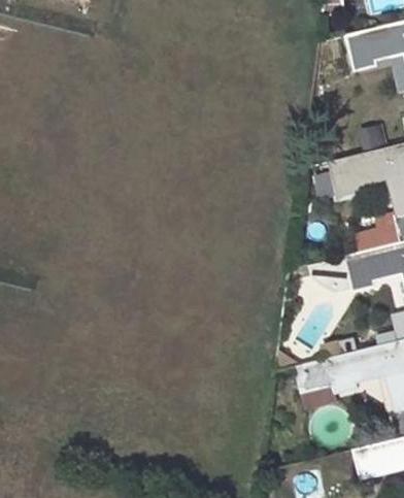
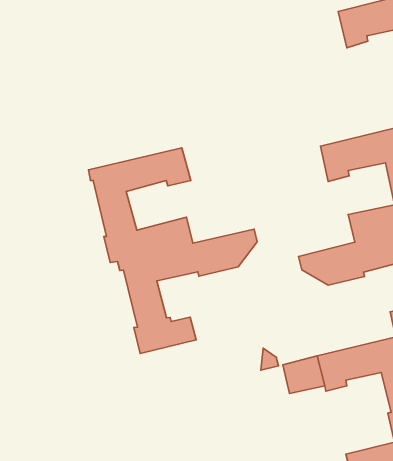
building: none -> [89,148,257,354]

